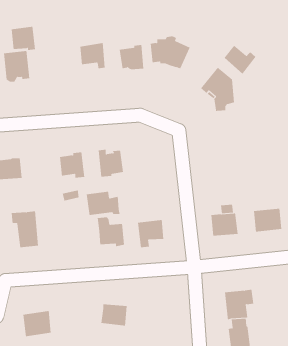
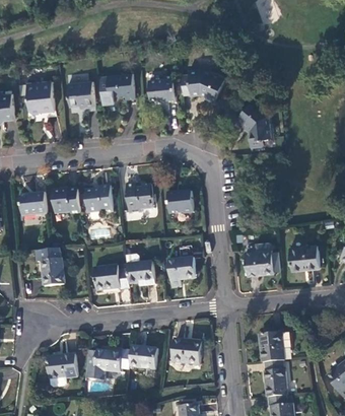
building: [11,26,36,50] -> [68,79,94,105]
building: [224,45,256,75] -> none
building: none -> [53,189,80,213]
building: none -> [166,190,191,214]
building: [86,191,121,215] -> [92,264,129,289]
building: none -> [170,338,202,363]
building: none -> [84,349,131,380]

